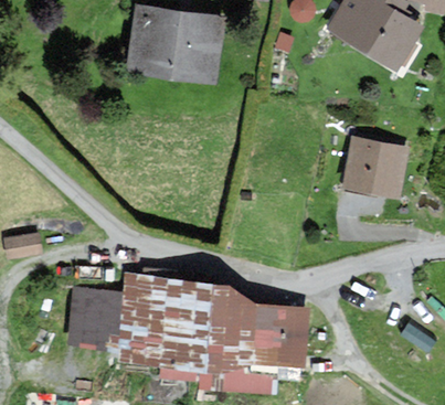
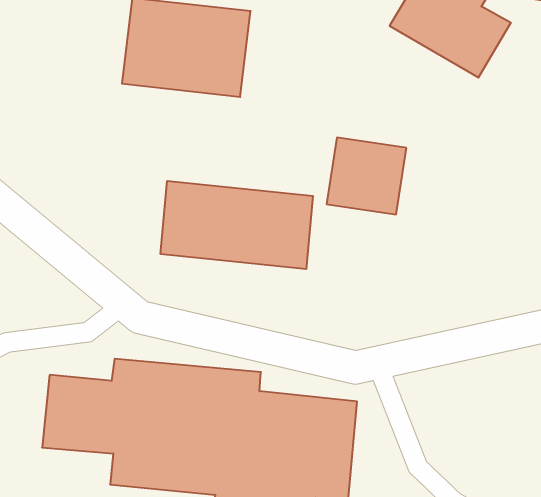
building: [346,138,405,195] -> [327,138,406,214]
building: none -> [161,181,313,269]

